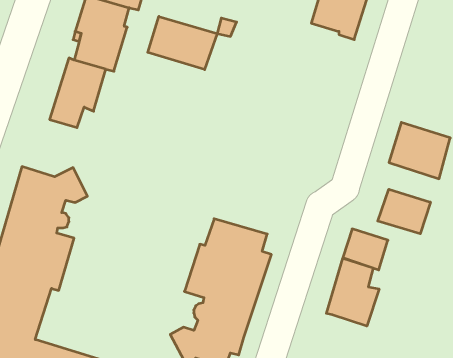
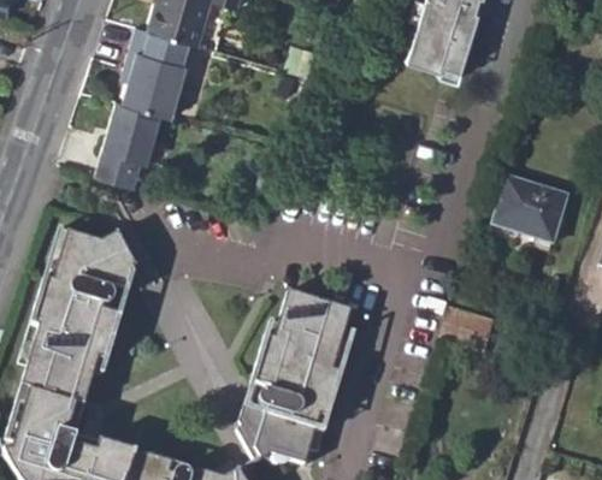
building: [148,16,217,70] -> none
building: [378,189,430,234] -> none
building: [326,258,379,326] -> none

